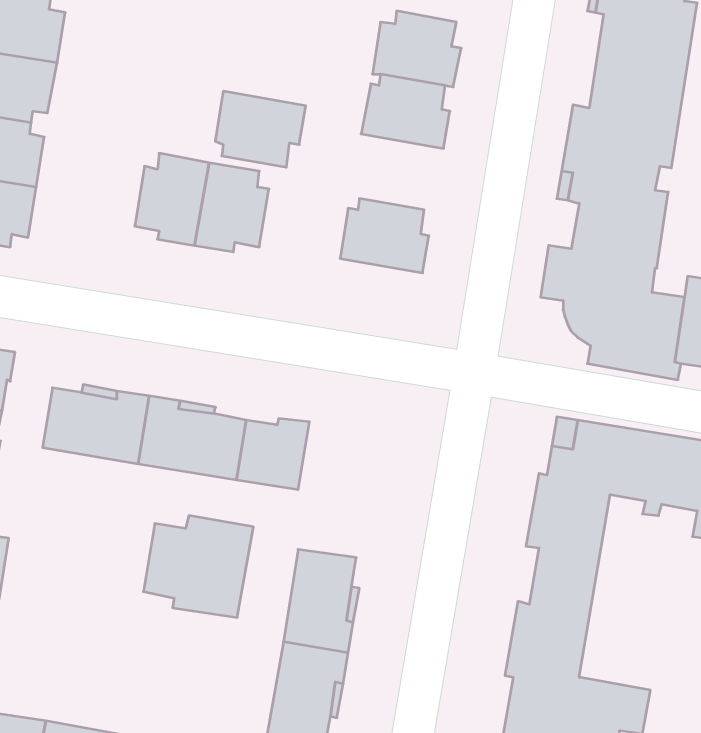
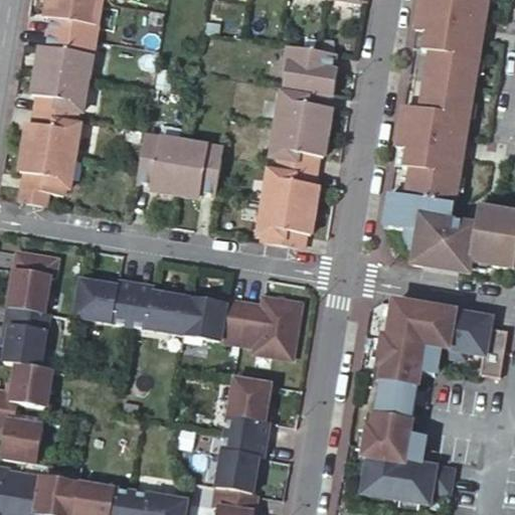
building: [215,91,306,167] -> [269,121,325,168]
building: none -> [255,198,312,244]
building: [143,516,253,617] -> [234,295,303,358]

